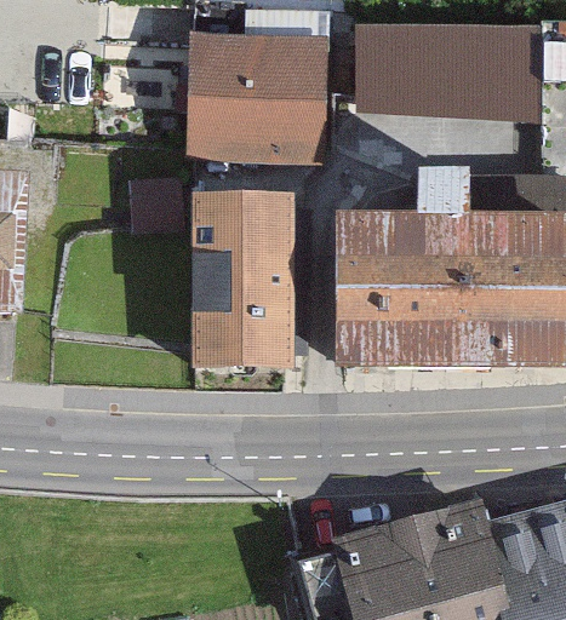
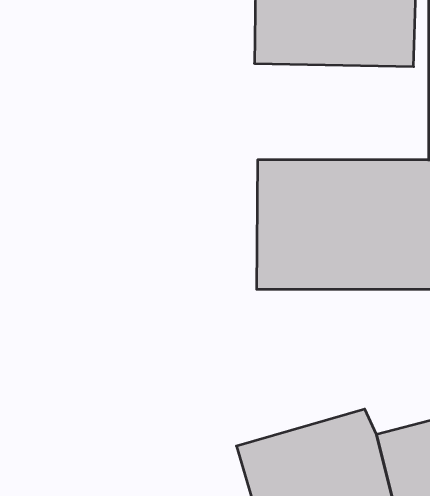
building: [177,45,330,165] -> none
building: [187,200,298,371] -> none

